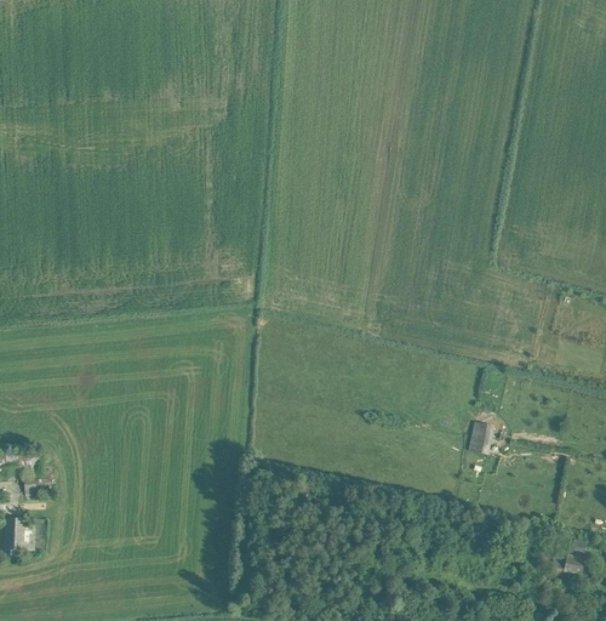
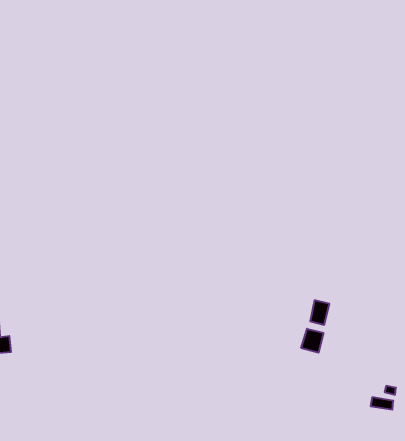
building: none -> [301,329,323,353]

